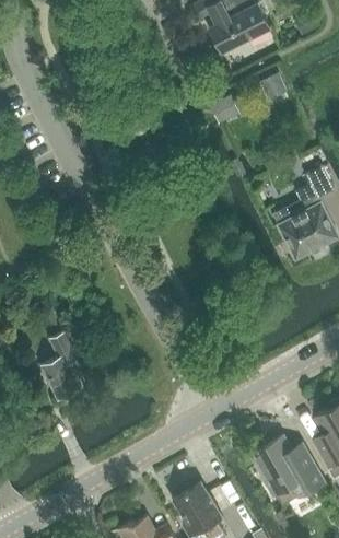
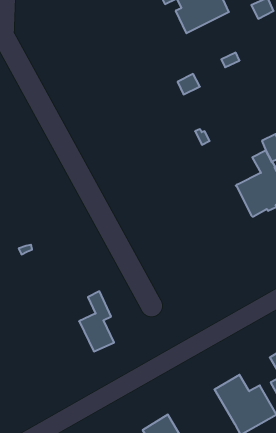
building: [40,331,80,399] -> [79,291,114,351]

